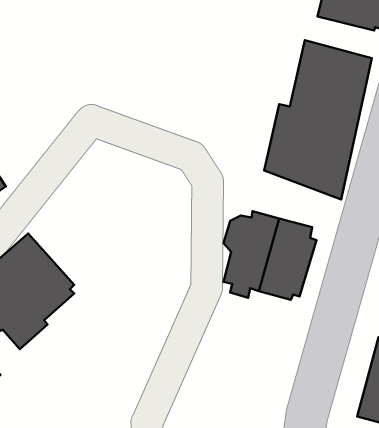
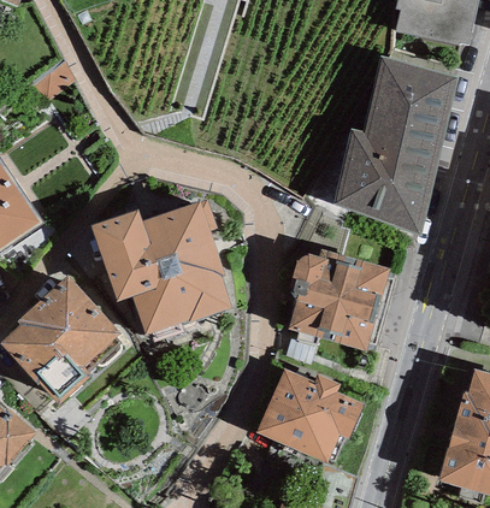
building: none -> [91,200,229,335]
building: none -> [255,367,362,462]

